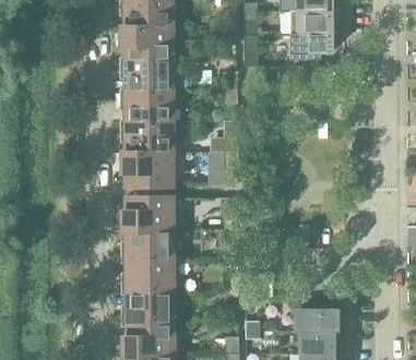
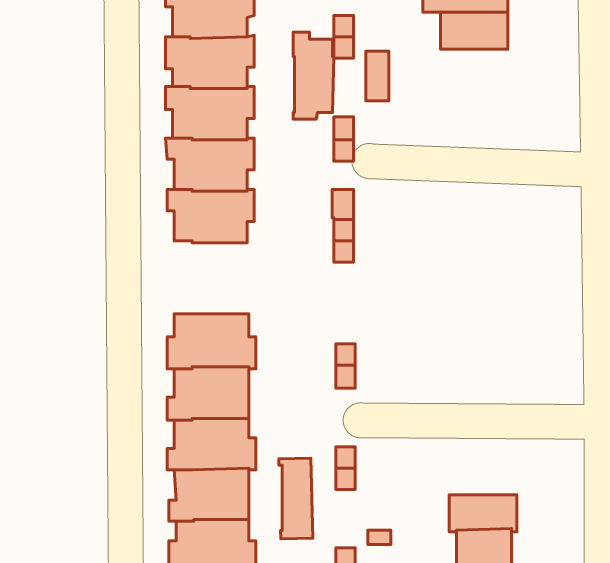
building: none -> [293,32,334,119]
building: [290,34,332,65] -> none
building: [122,152,177,184] -> none
building: none -> [279,458,313,539]

